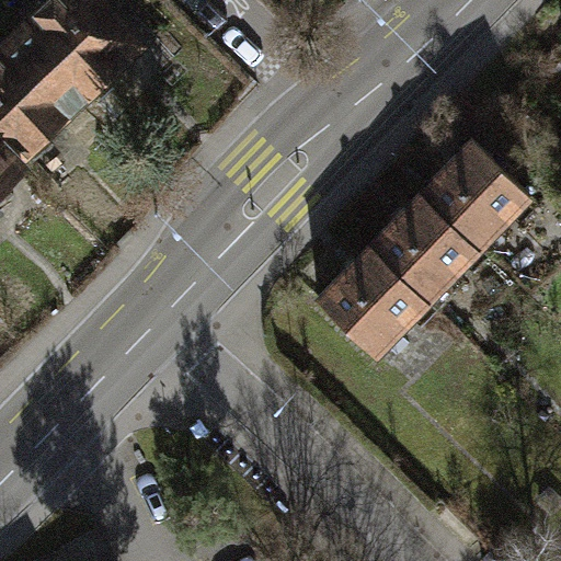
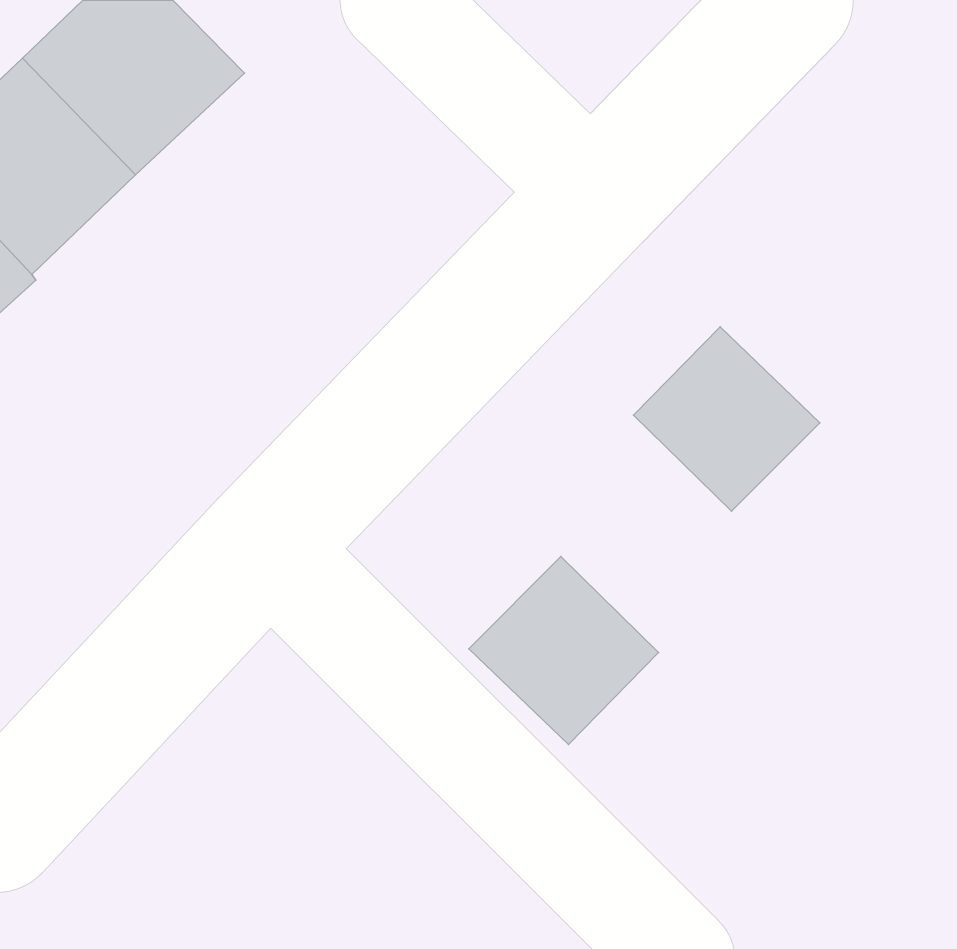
building: [420,144,529,253] -> none
building: [316,249,426,358] -> [469,557,659,745]

